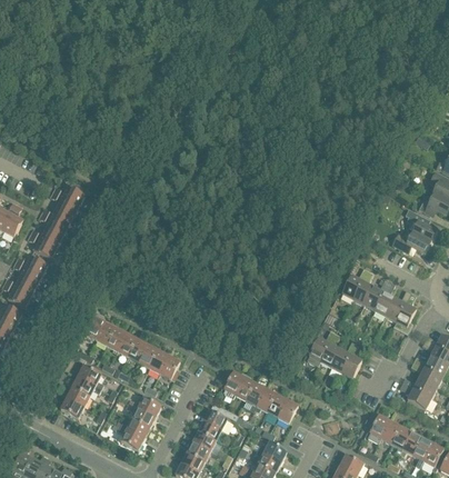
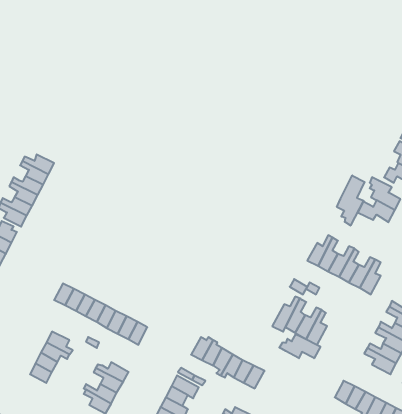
building: none -> [337,175,365,226]
building: none -> [279,334,320,358]

